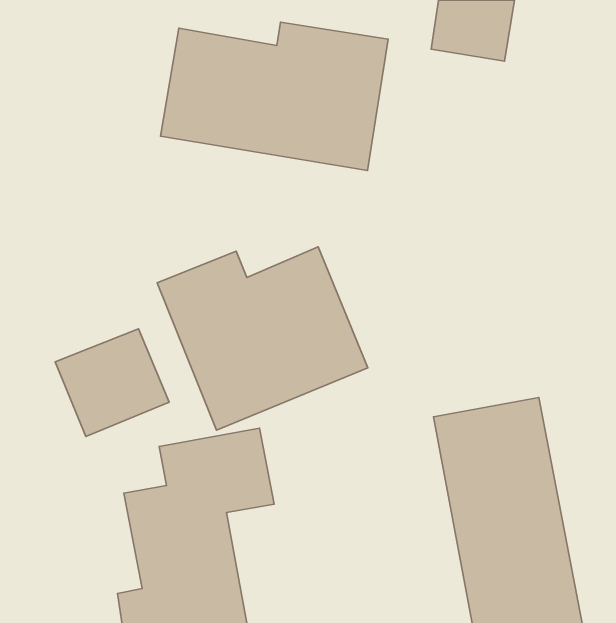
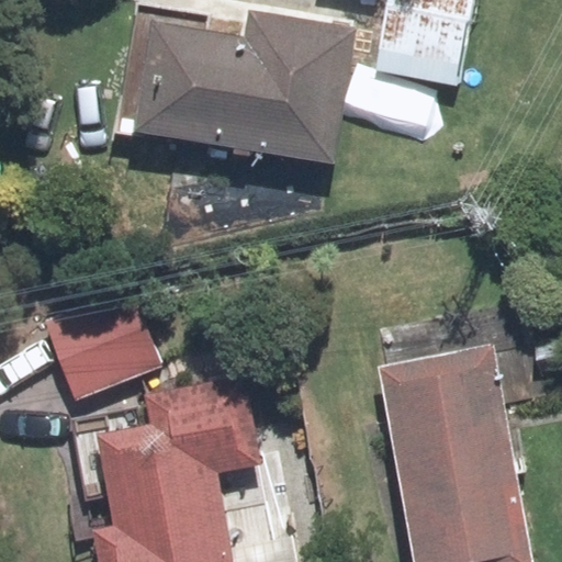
building: [157,247,368,430] -> none

